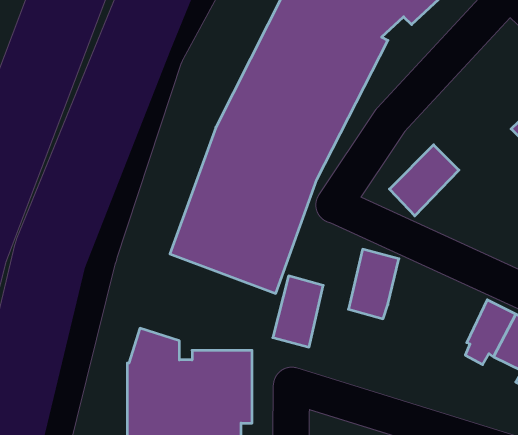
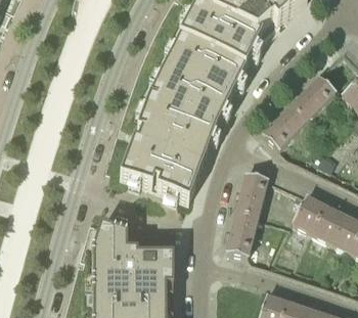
building: none -> [292,75,337,120]
building: [273,276,323,347] -> [226,210,259,256]
building: none -> [293,193,326,231]

